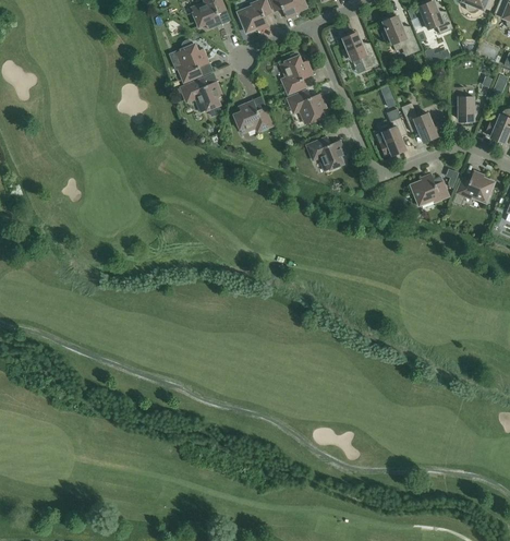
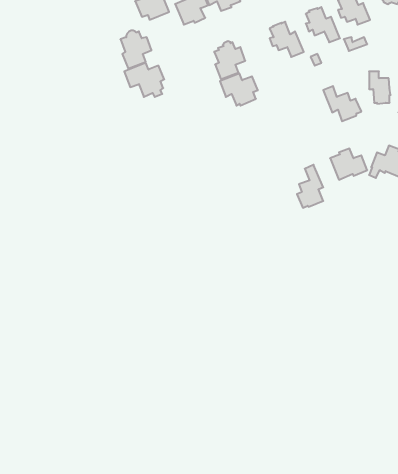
building: [232,98,275,134] -> none
building: [378,108,408,156] -> [297,165,323,208]
building: [305,135,347,171] -> none

